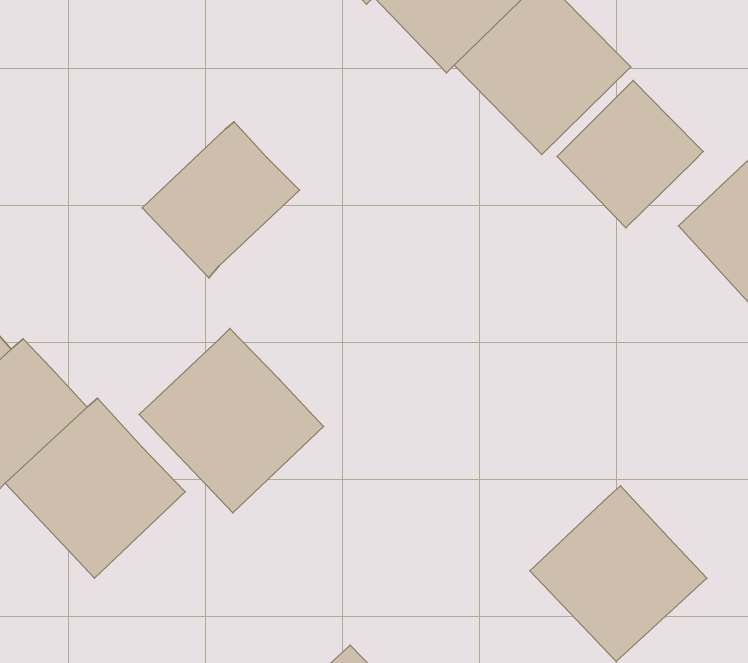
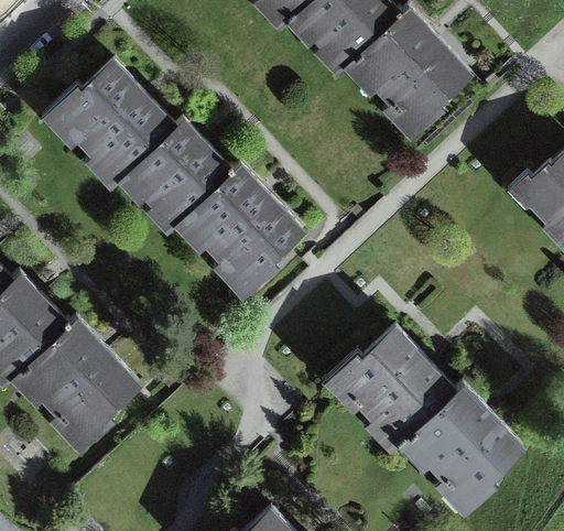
building: none -> [40,52,175,187]
building: [557,80,703,228] -> none
building: [139,328,323,513] -> [171,159,307,295]
building: none -> [324,321,459,457]

